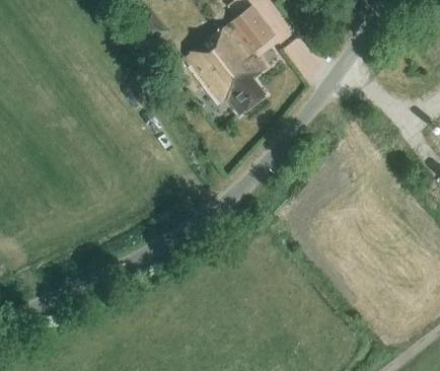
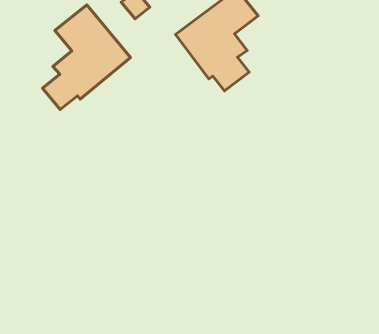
building: none -> [43,5,130,109]

